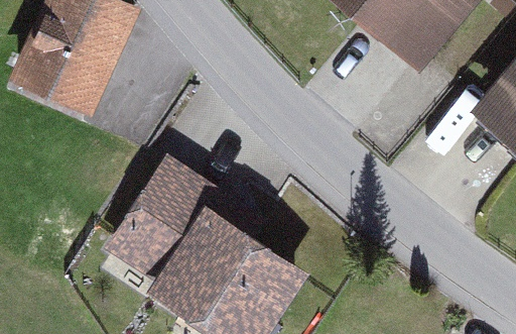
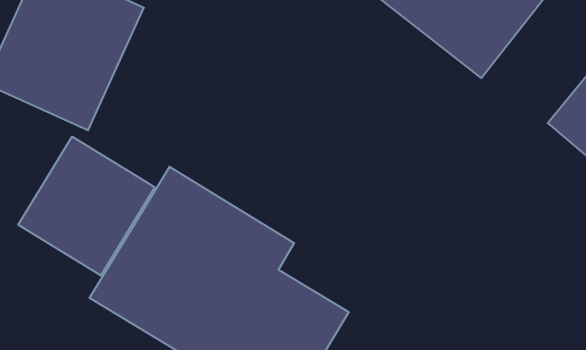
building: none -> [18,137,155,276]

